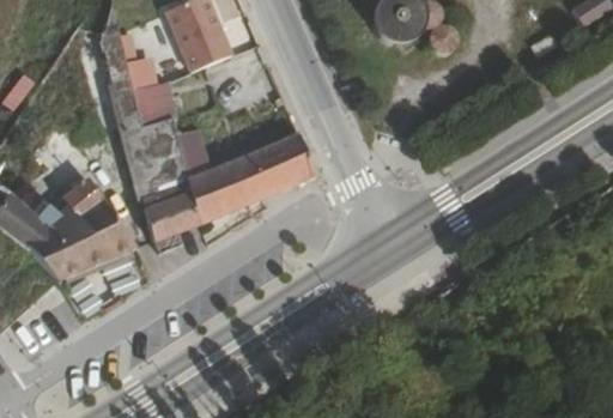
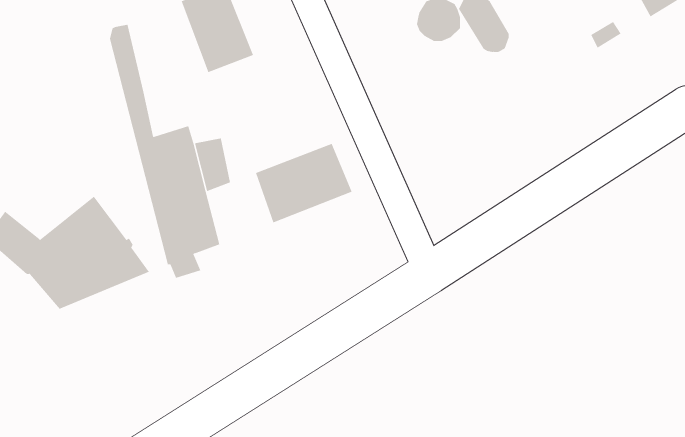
building: [132,79,176,127] -> none
building: [187,159,245,223] -> none

